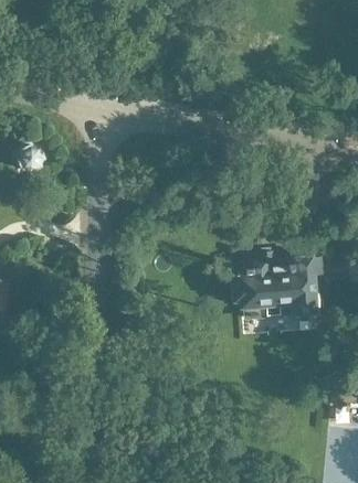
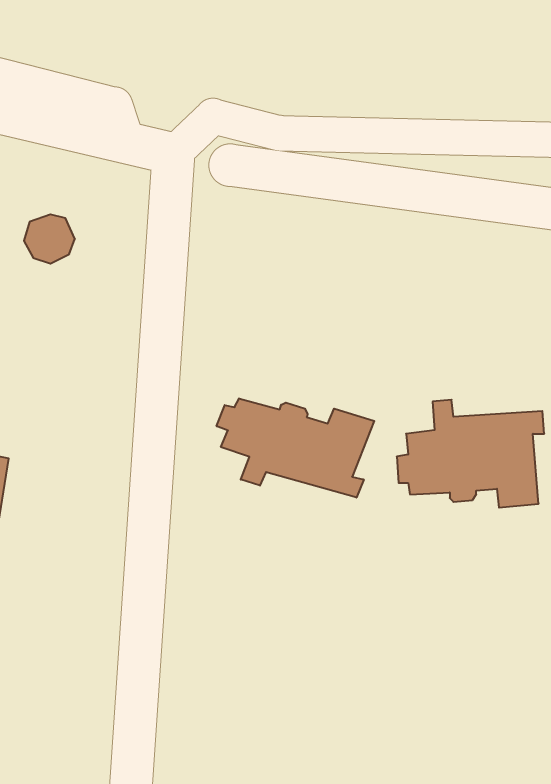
building: none -> [217,398,374,498]

